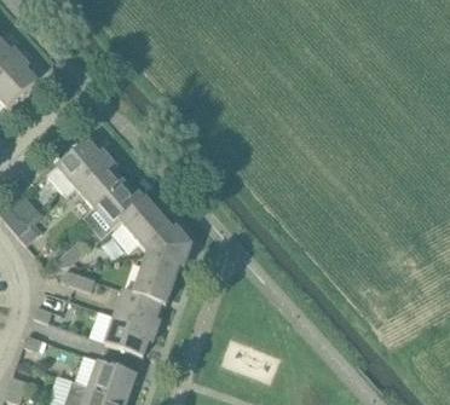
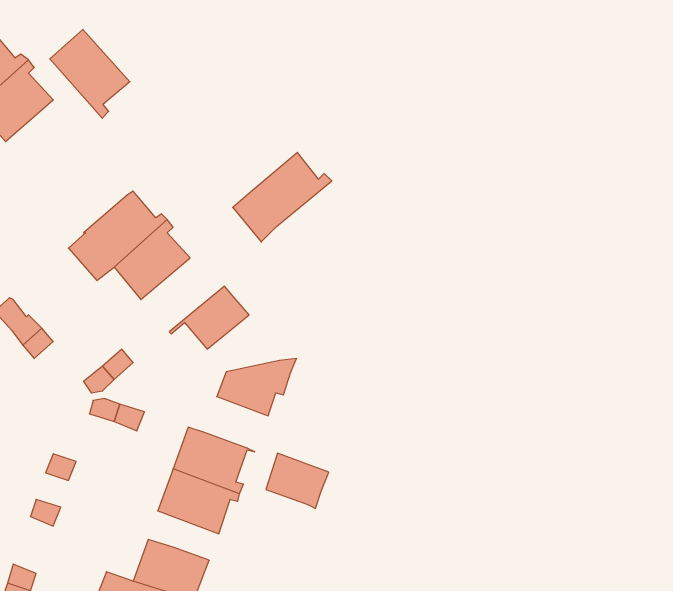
building: none -> [50,29,130,118]
building: [83,179,146,236] -> [233,152,332,242]
building: [135,215,192,251] -> none
building: [134,267,174,302] -> [266,453,329,508]

